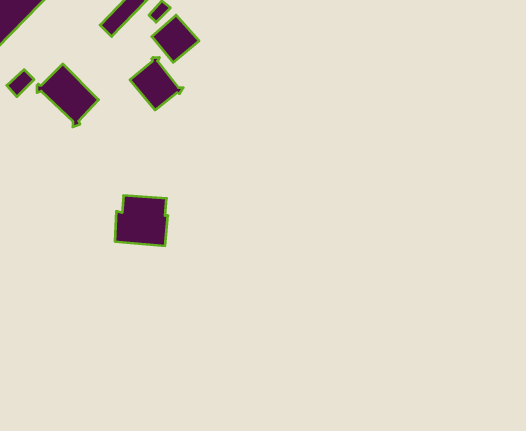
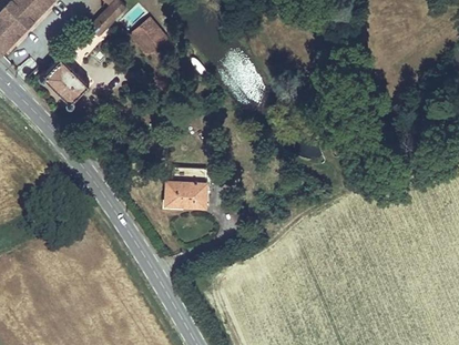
building: [130,57,183,110] -> none
building: [115,196,168,246] -> [165,168,206,206]

